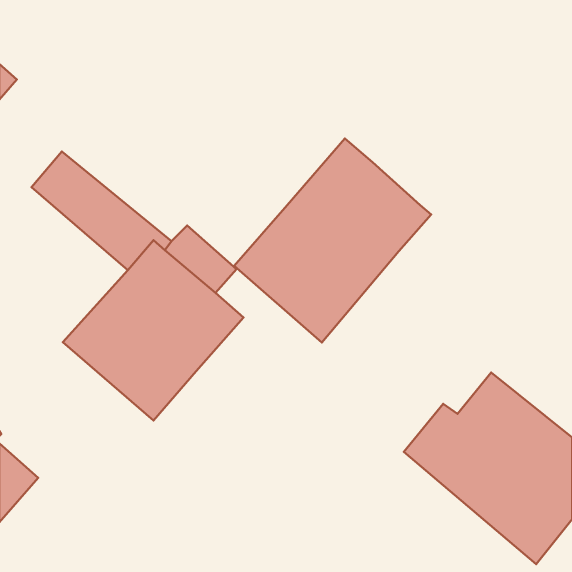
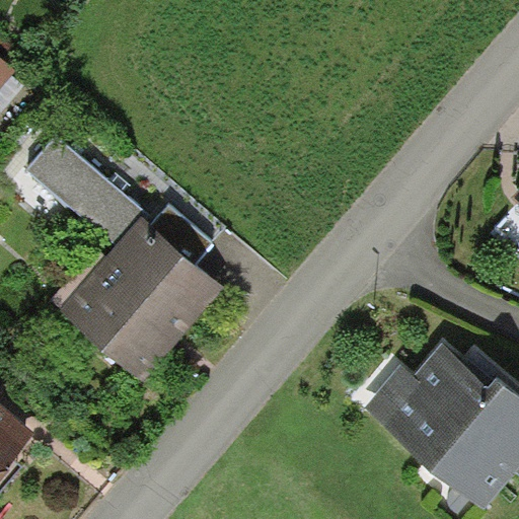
building: [234,138,431,343] -> none

